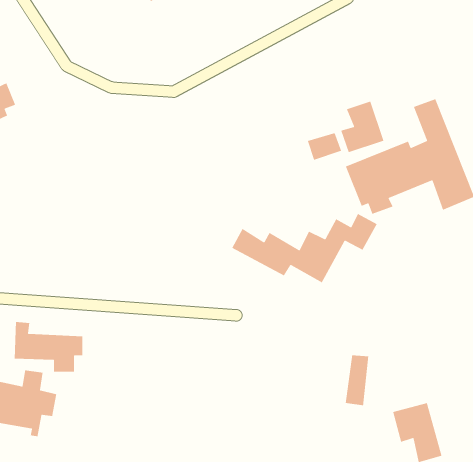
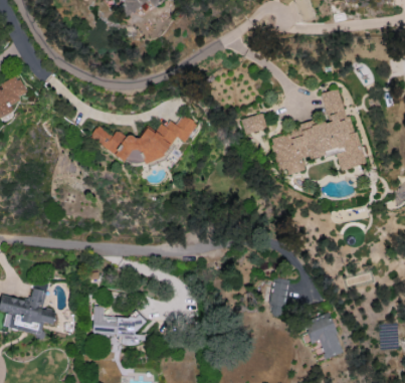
building: [340,100,384,153] -> none
building: [231,213,378,283] -> [88,115,197,167]
building: [14,321,83,373] -> [92,307,144,345]

